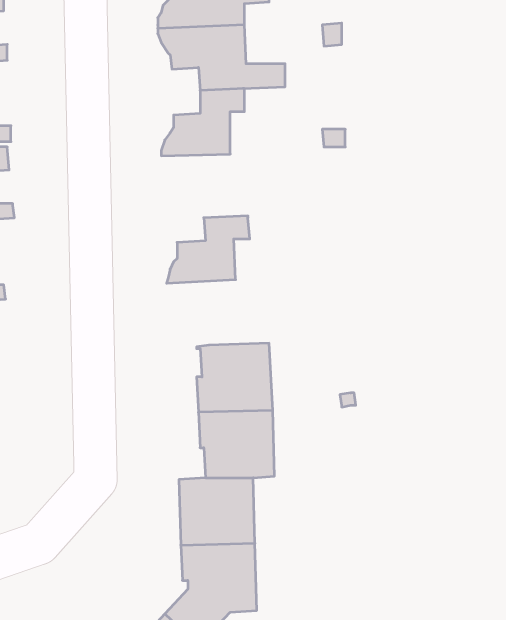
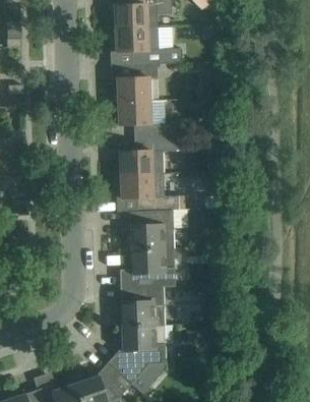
building: none -> [110,101,176,137]
building: none -> [113,173,178,211]

